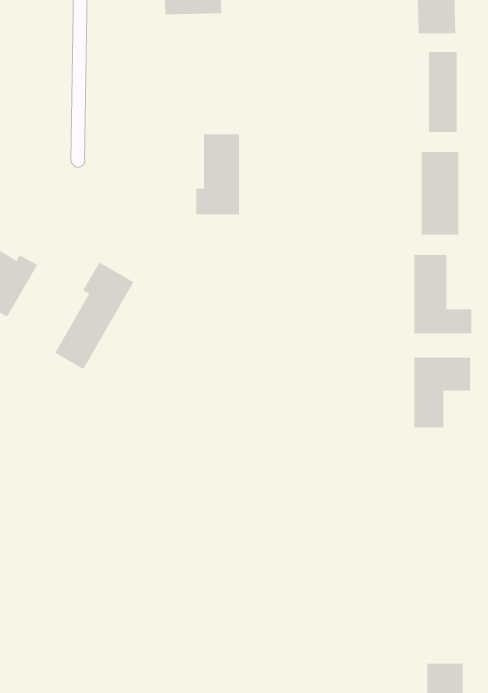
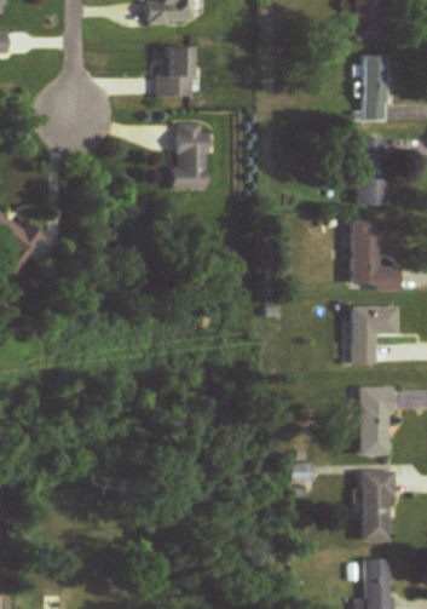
building: none -> [155,46,191,96]
building: [54,262,134,370] -> none
building: none -> [358,386,391,455]
building: none -> [360,470,392,541]

